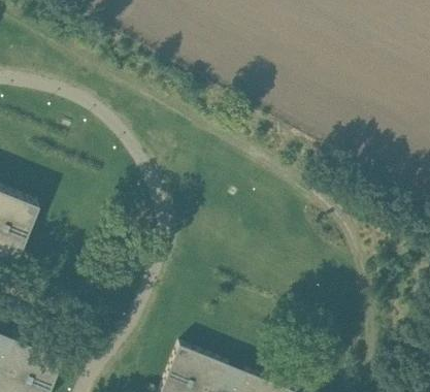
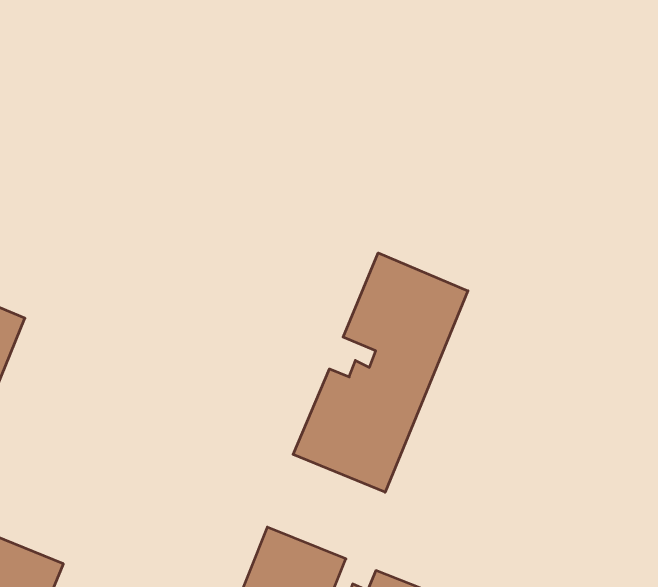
building: none -> [293,253,468,492]

